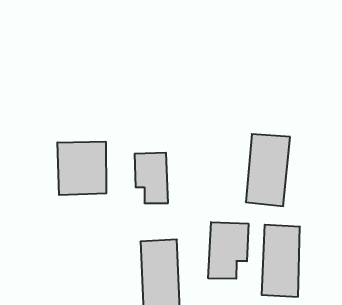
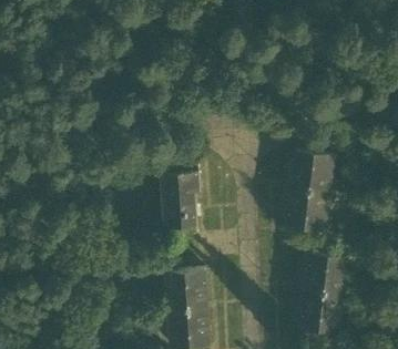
building: [57,142,106,195] -> none
building: [208,222,248,279] -> none

